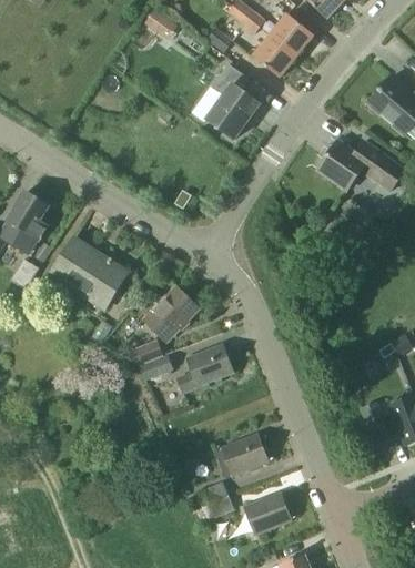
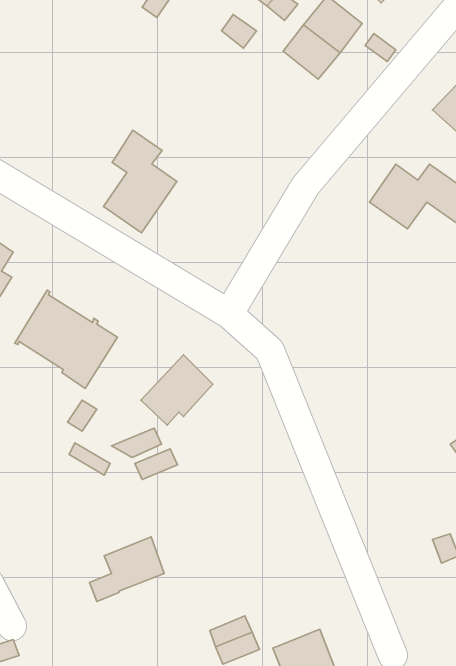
building: [204,61,260,139] -> [103,130,177,233]
building: [176,344,233,393] -> [90,537,164,601]
building: [215,433,269,478] -> none

